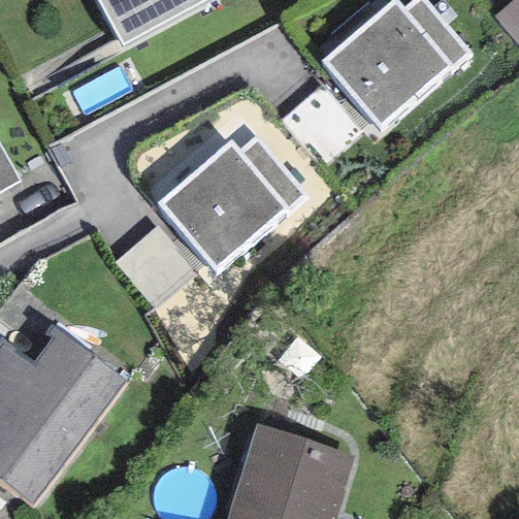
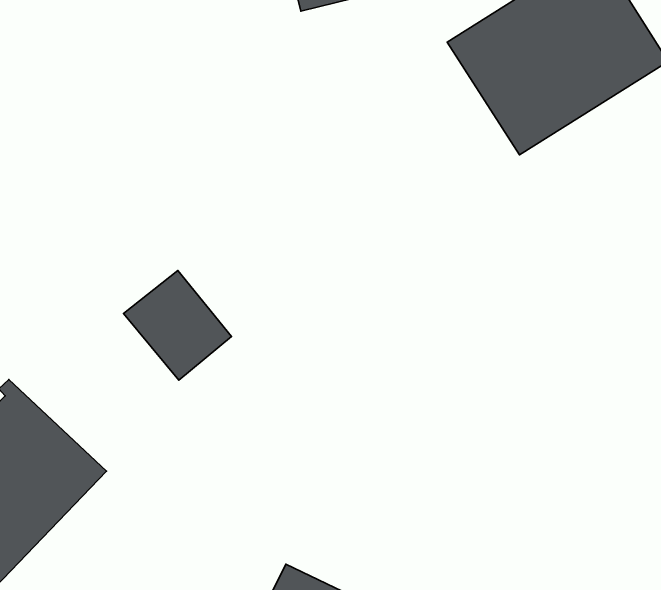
building: [155,133,304,270] -> none

